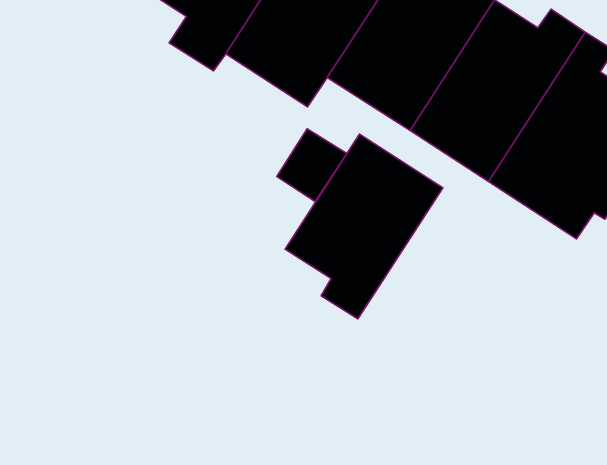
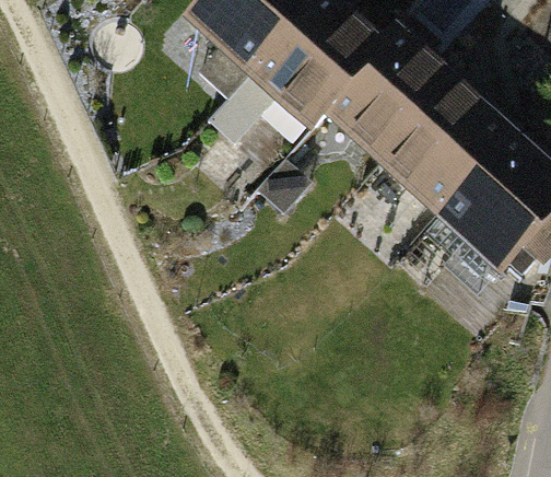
building: [285,134,443,319] -> none

